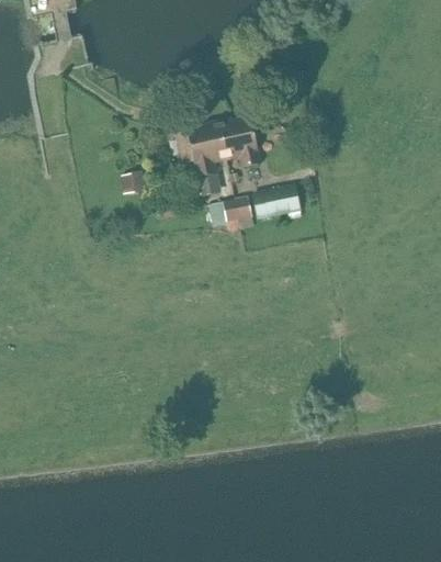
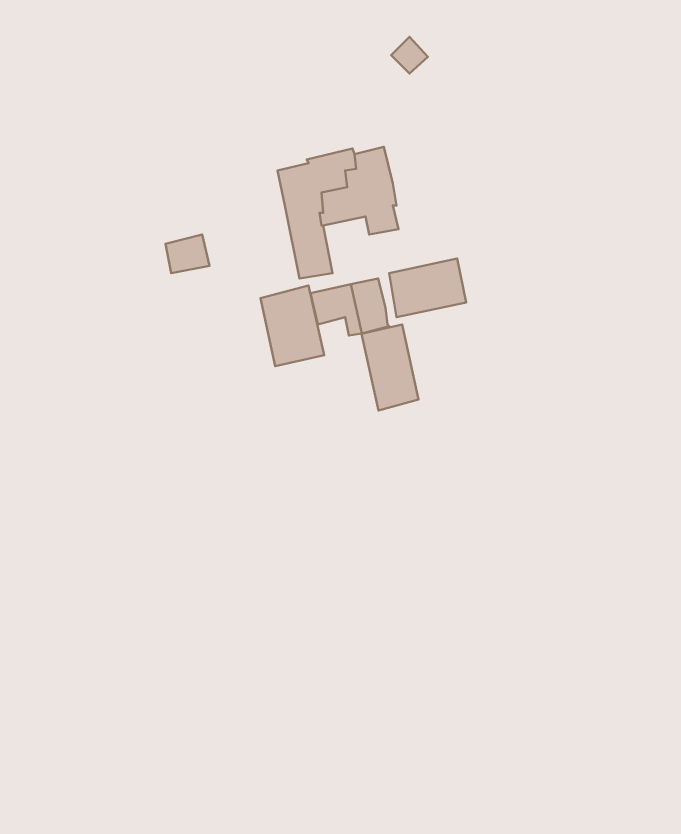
building: none -> [260,286,324,366]
building: none -> [361,325,419,410]

